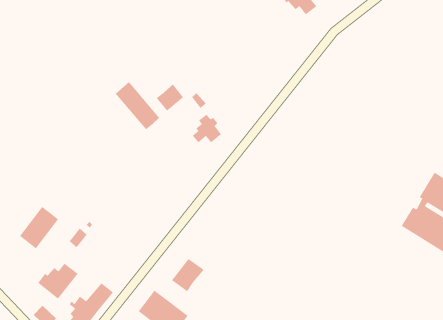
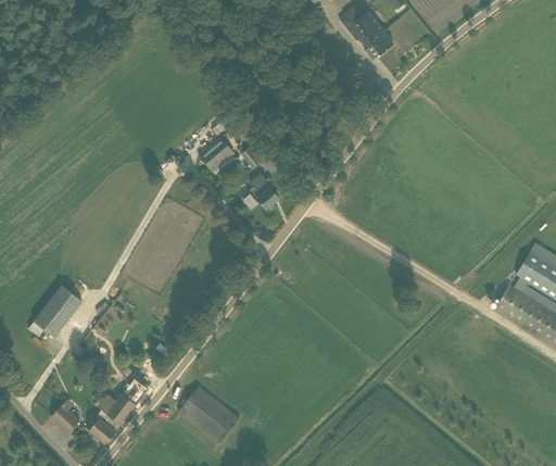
building: [115,81,160,130] -> none
building: [171,258,204,292] -> none
building: [37,263,79,299] -> none

